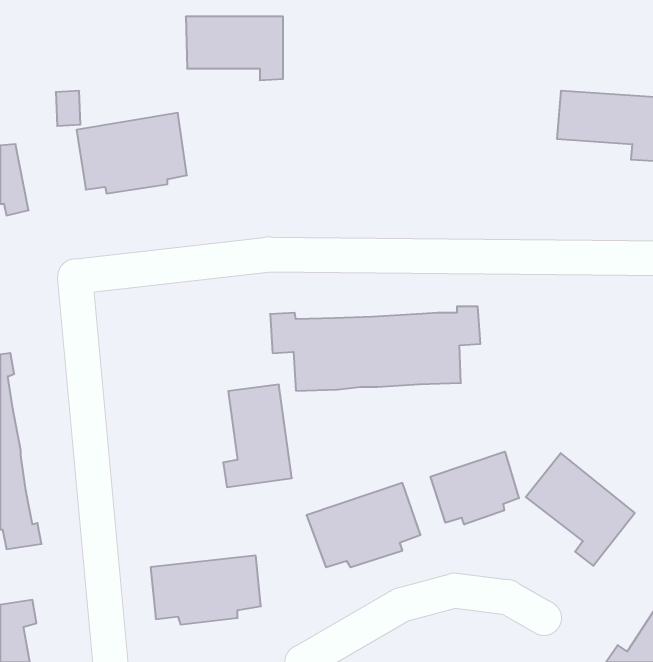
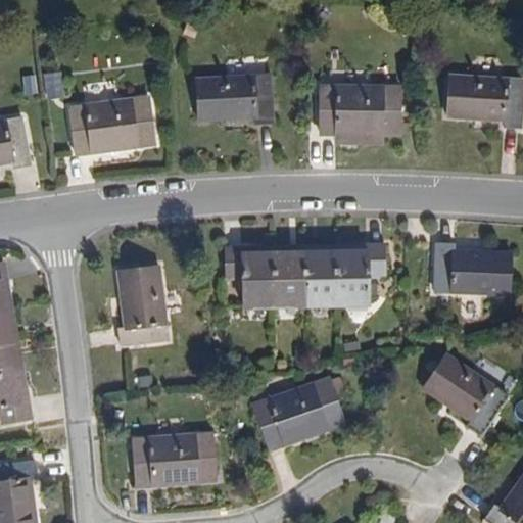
building: [186,17,283,80] -> [193,73,270,123]
building: none -> [315,85,398,133]
building: none -> [439,240,517,297]
building: [223,385,292,487] -> [110,271,164,351]
building: [430,452,519,525] -> none

